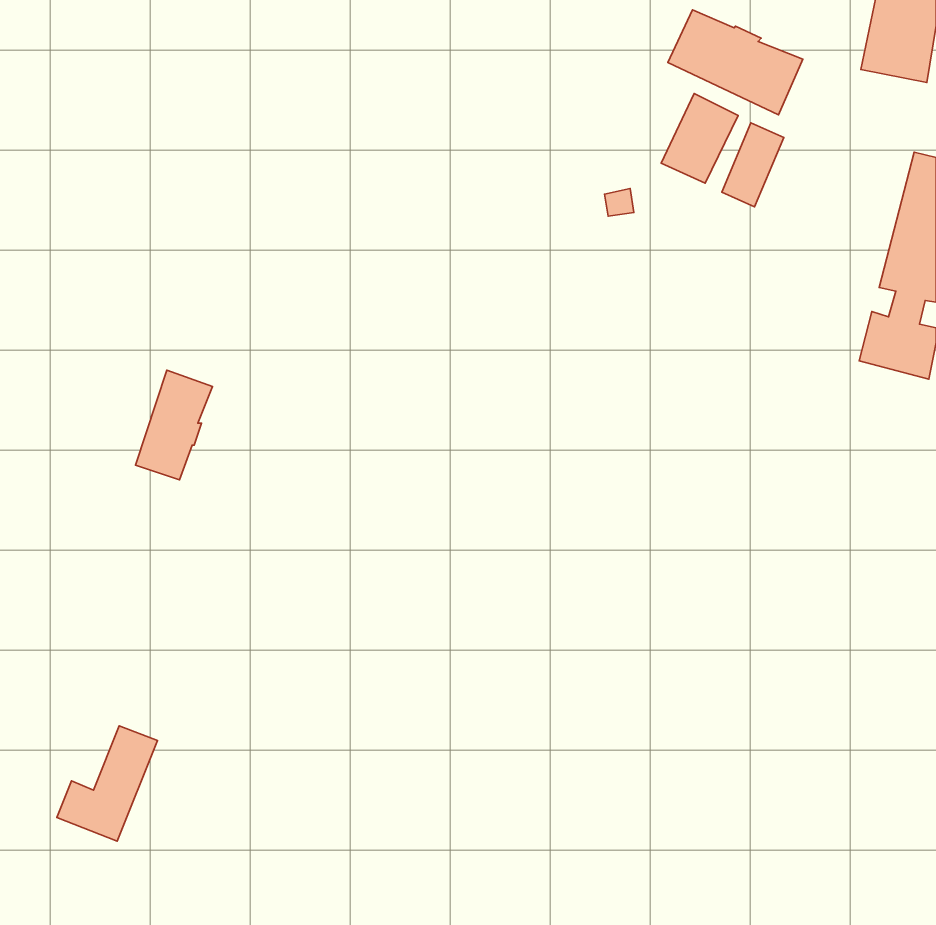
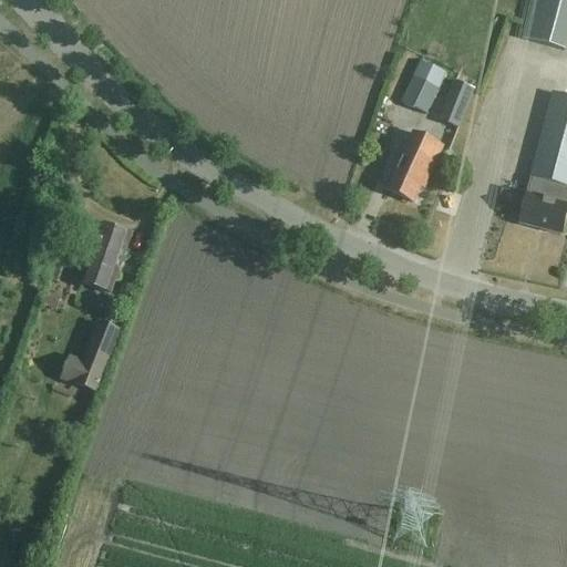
building: [668,10,803,115] -> none
building: none -> [388,128,444,198]
building: [57,726,158,841] -> [60,320,121,390]

